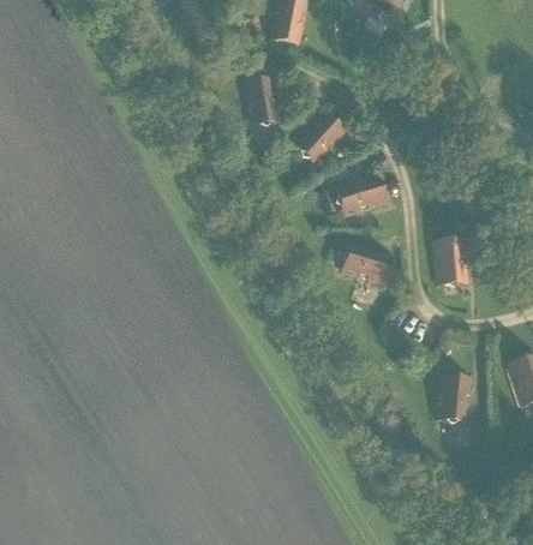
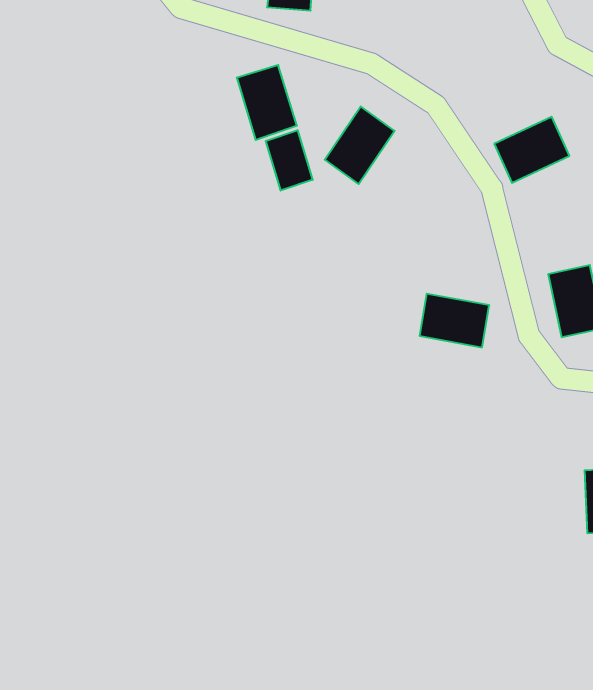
building: none -> [266,130,313,191]
building: [336,174,385,215] -> [494,117,569,183]

